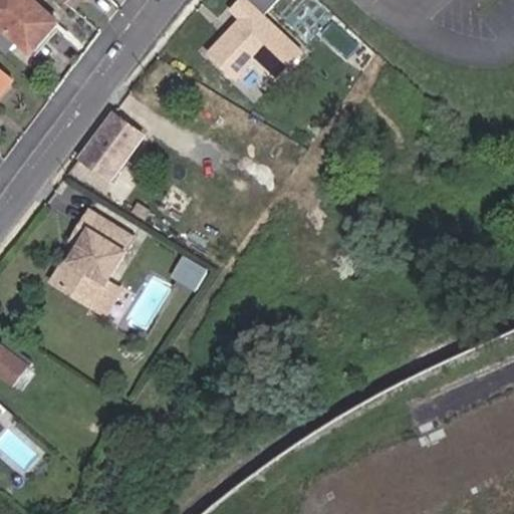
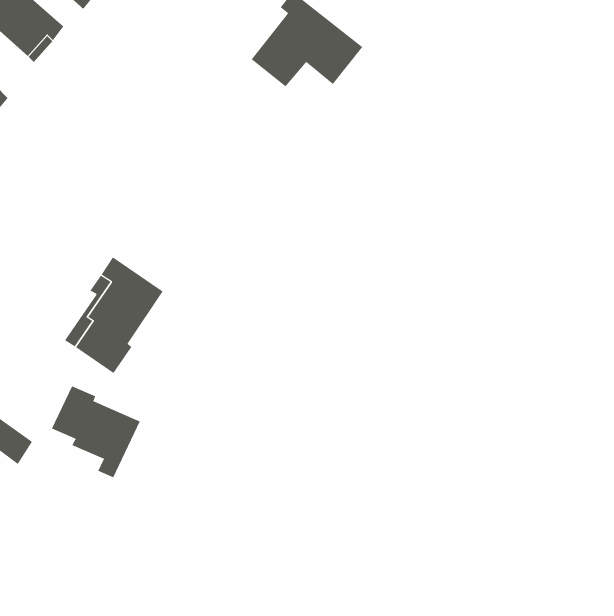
building: [80,112,140,177] -> none
building: none -> [51,385,141,478]

